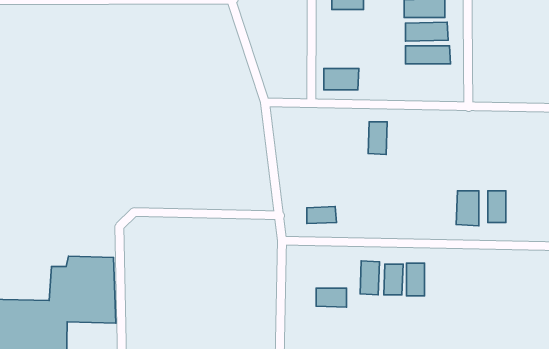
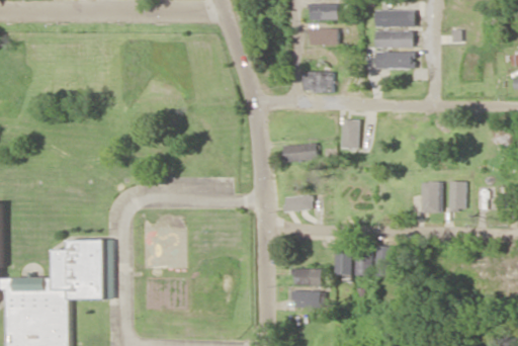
building: none -> [308,27,336,45]
building: none -> [282,144,317,161]
building: none -> [291,290,324,308]

